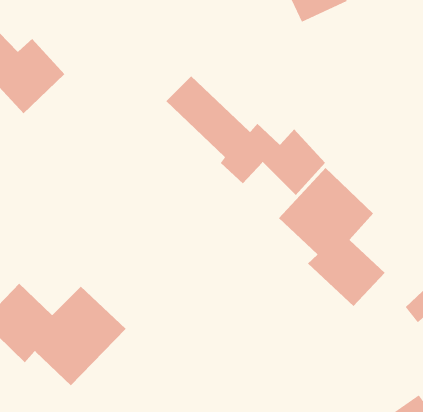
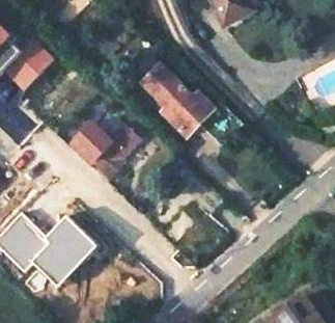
building: none -> [66,117,140,181]
building: [278,167,386,307] -> none

